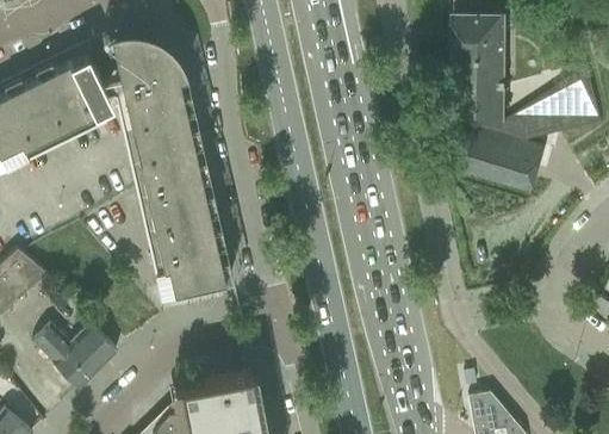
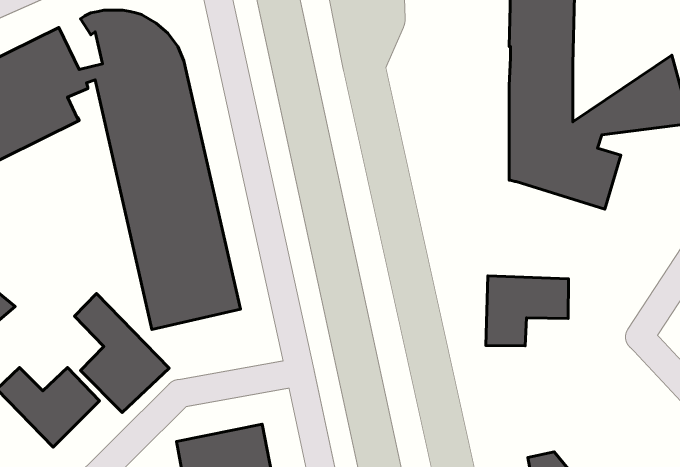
building: none -> [486,276,569,346]
building: none -> [75,294,169,413]

